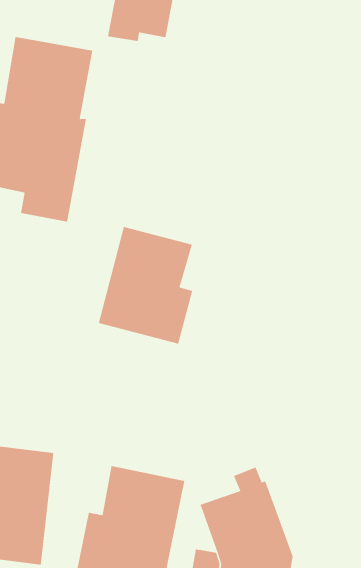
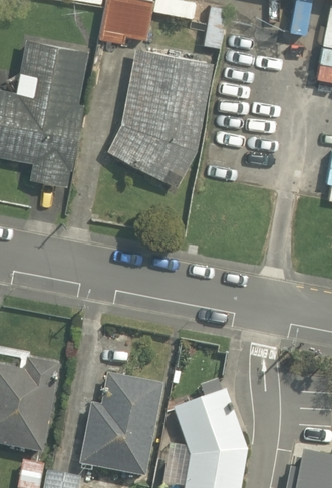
building: none -> [108,47,213,186]
building: [98,226,193,345] -> none

